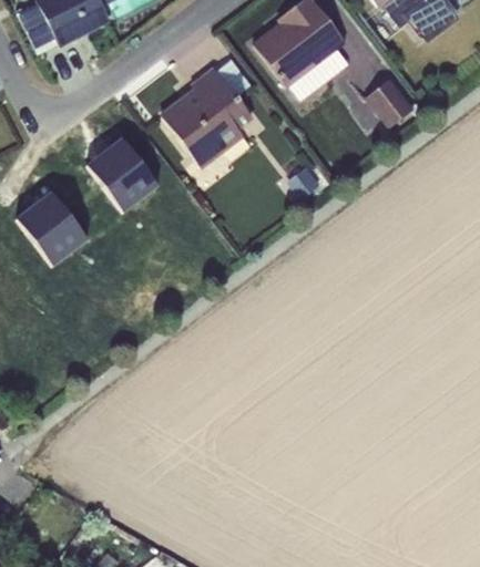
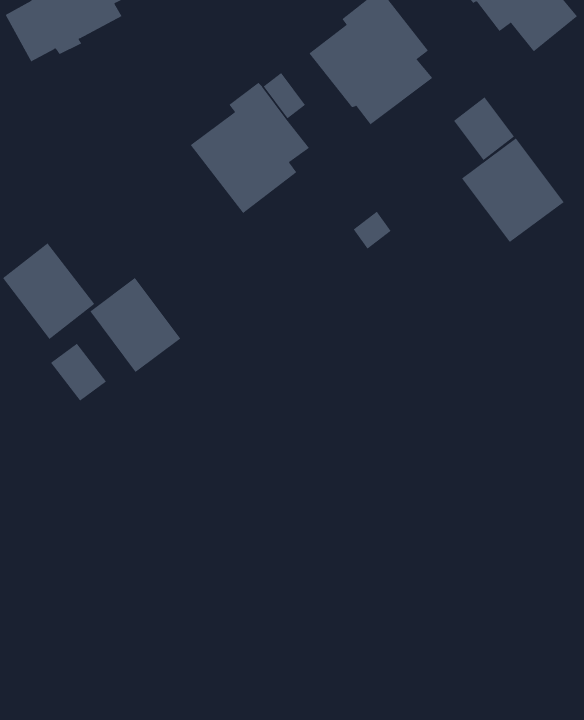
building: none -> [461,138,565,243]
building: [86,137,157,212] -> [89,277,181,373]
building: none -> [50,343,107,401]

